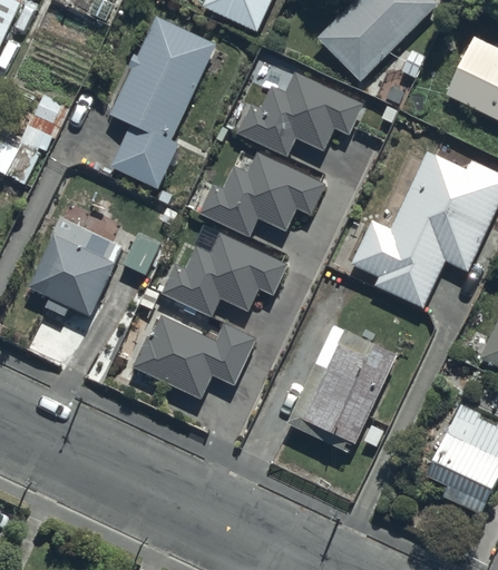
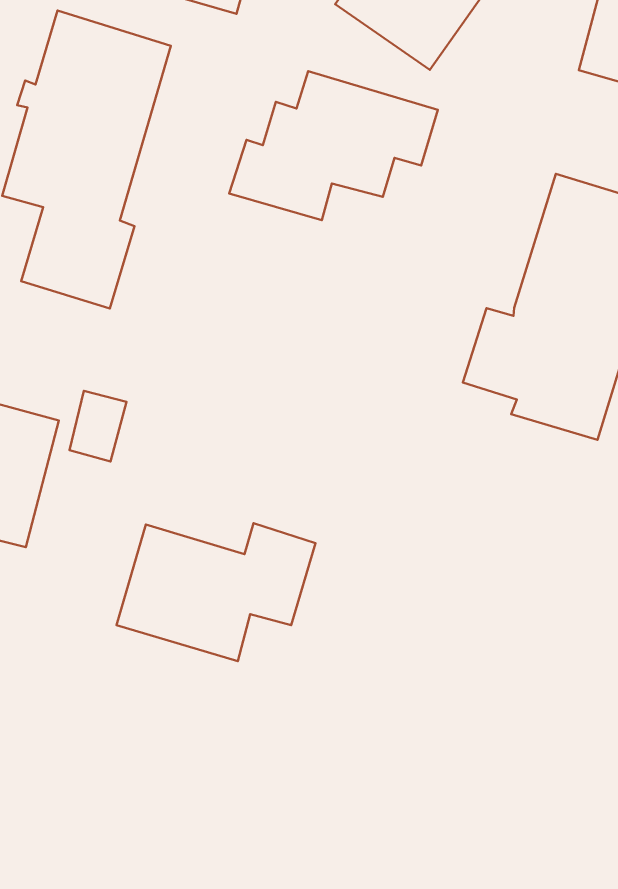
building: [201,151,326,236] -> none
building: [162,233,286,317] -> none
building: [289,325,397,451] -> none

